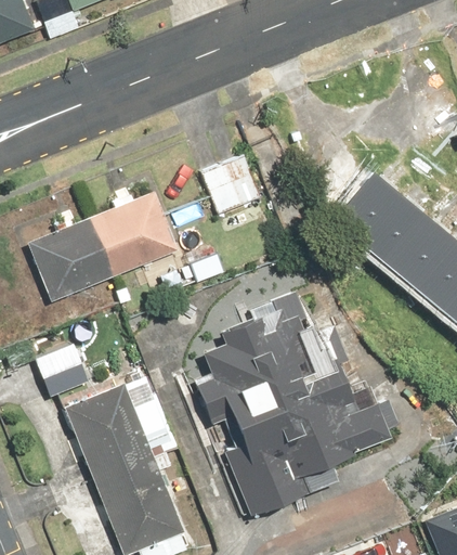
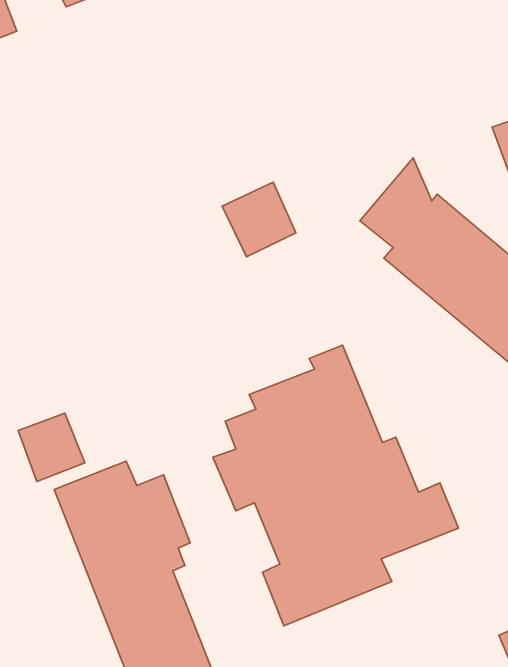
building: [28,194,178,302] -> none

